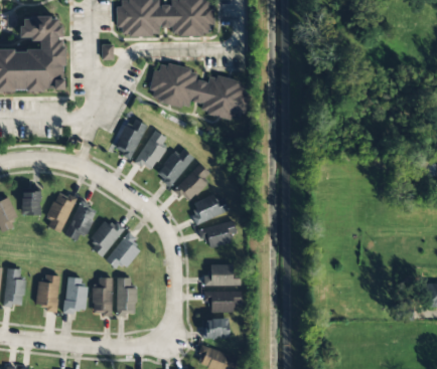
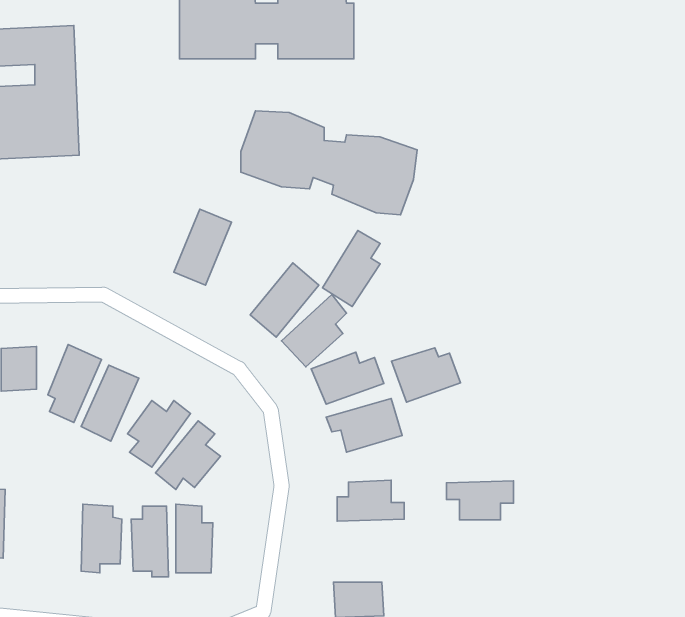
building: [135,130,166,171] -> [322,230,380,306]
building: none -> [392,348,461,402]
building: [37,274,59,312] -> none
building: [204,291,241,312] -> [447,481,513,520]

